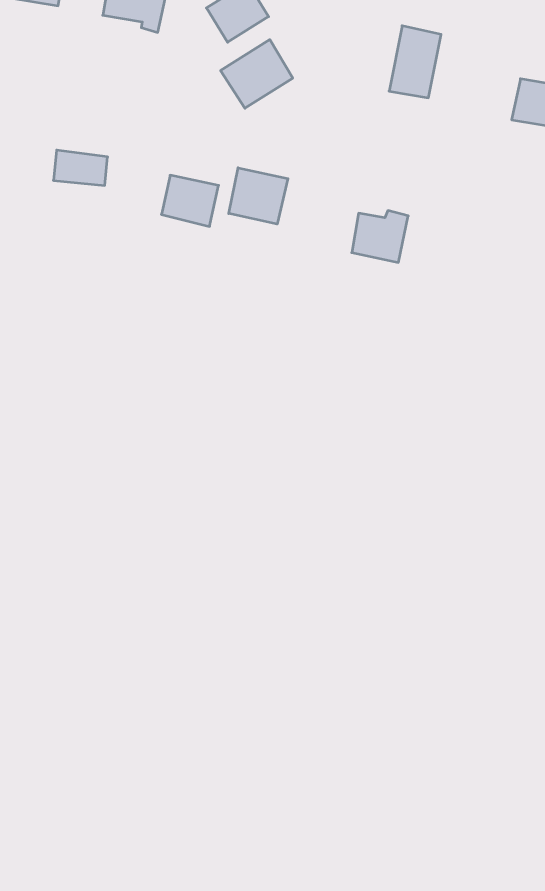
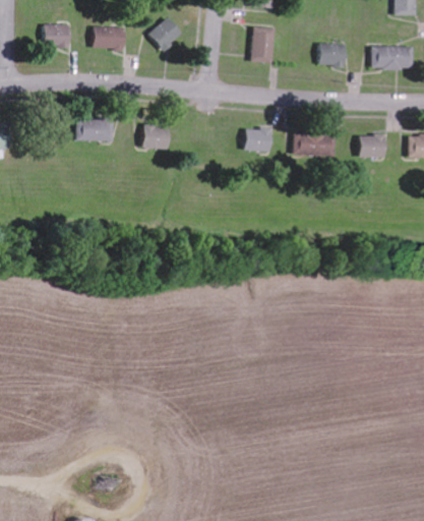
building: [221,40,293,108] -> none
building: [229,168,288,224] -> none
building: none -> [294,133,335,155]

